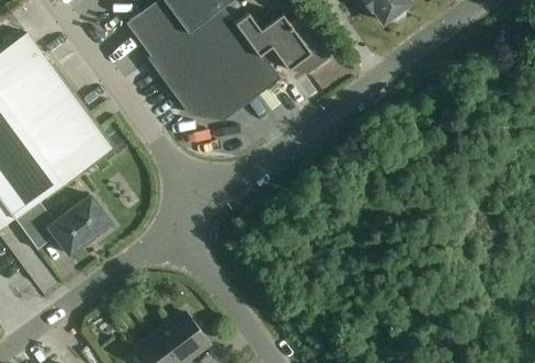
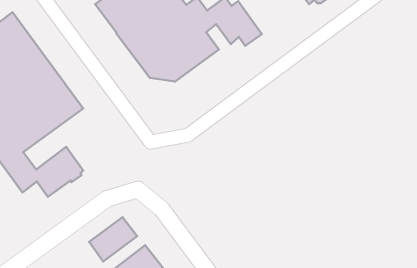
building: none -> [89,217,137,262]

